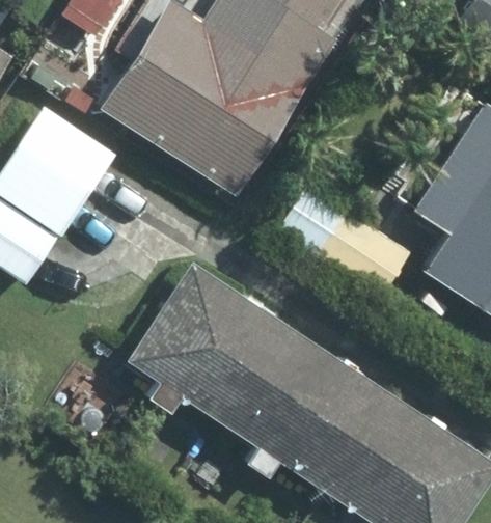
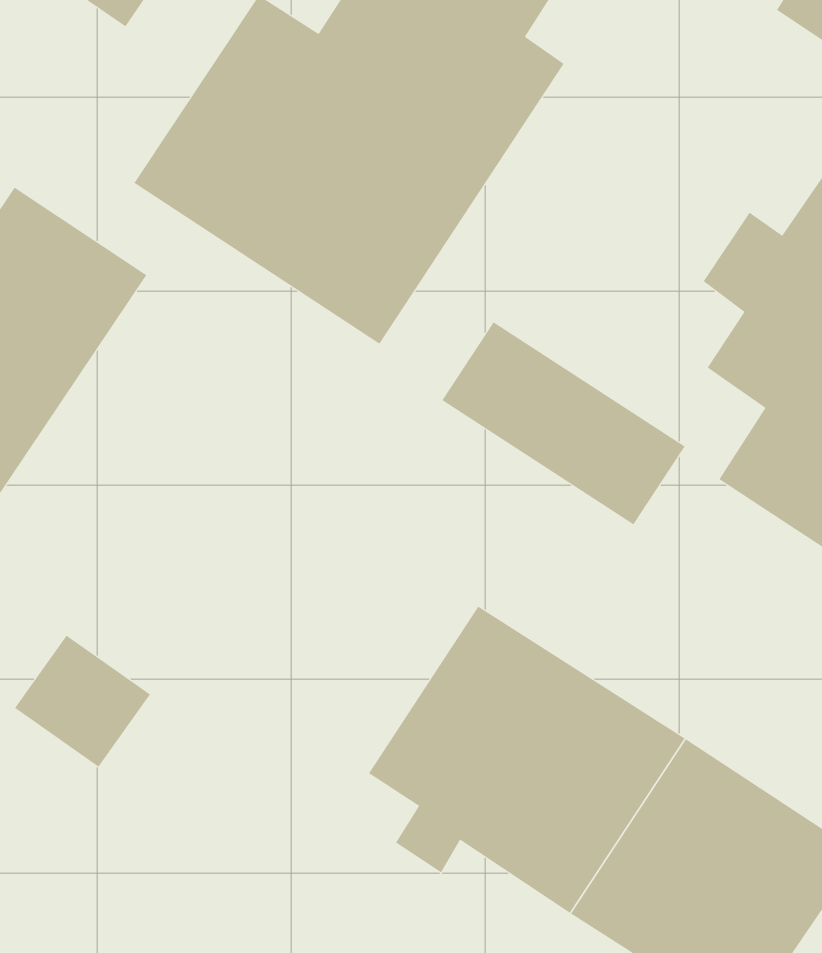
building: [141,273,294,425] -> none

